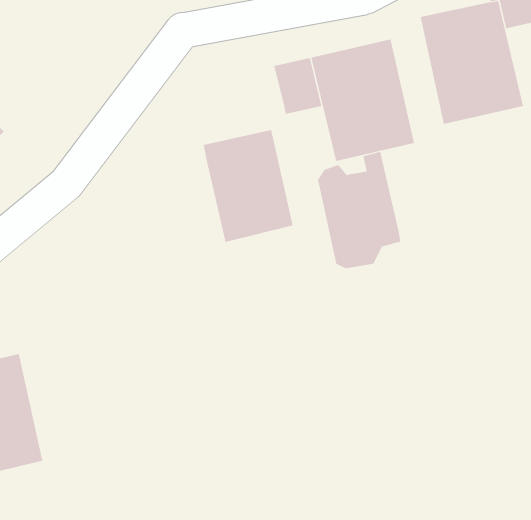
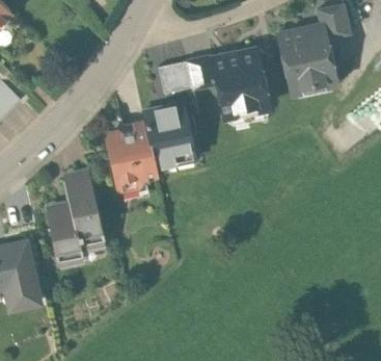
building: none -> [158,60,191,93]
building: [317,151,401,269] -> [104,120,156,192]
building: none -> [46,169,104,262]

